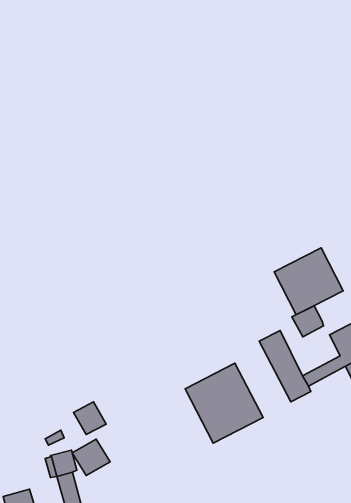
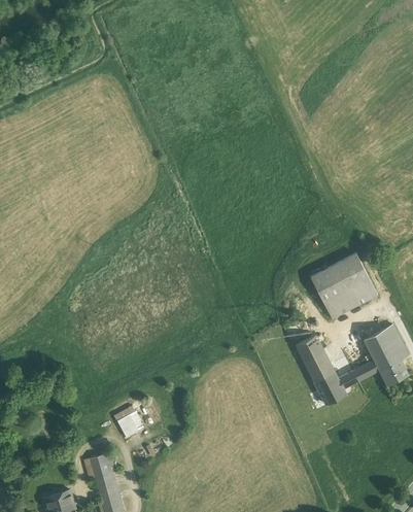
building: [292,306,323,337] -> none
building: [185,363,263,443] -> none
building: [72,439,110,476] -> none

